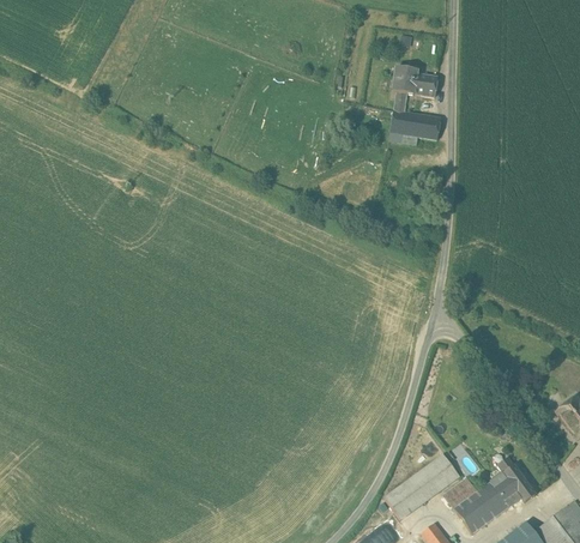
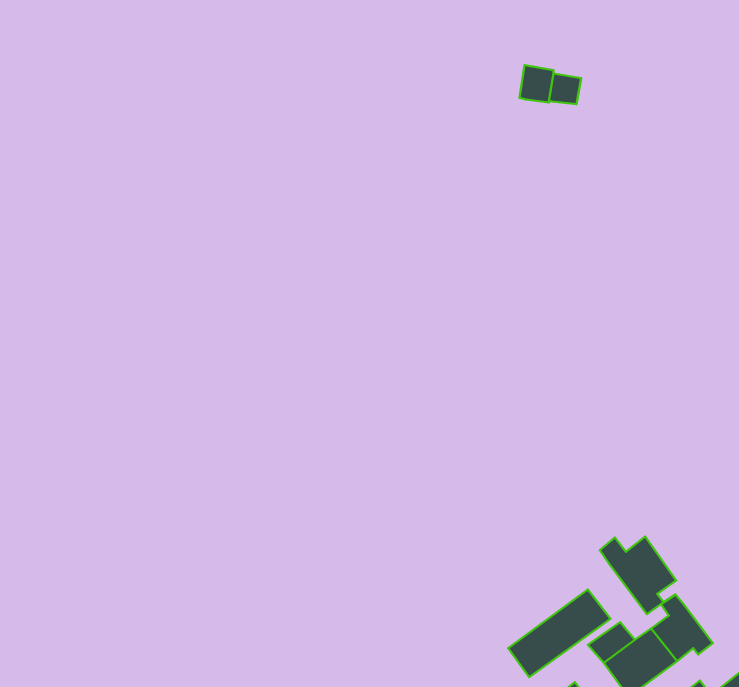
building: [389,92,441,141] -> none
building: none -> [600,537,676,614]

